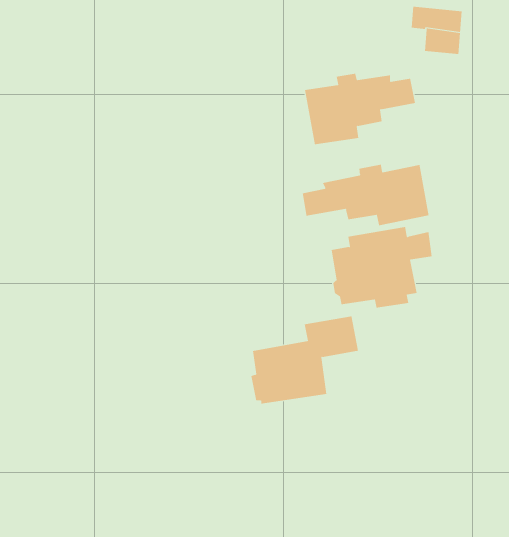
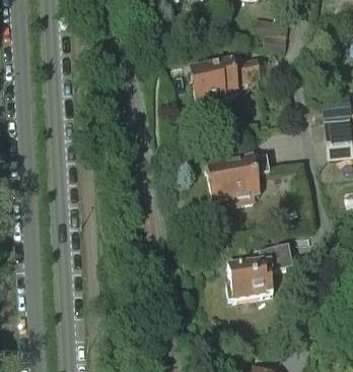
building: [302,164,429,226] -> none
building: [250,316,359,404] -> [226,244,292,298]

